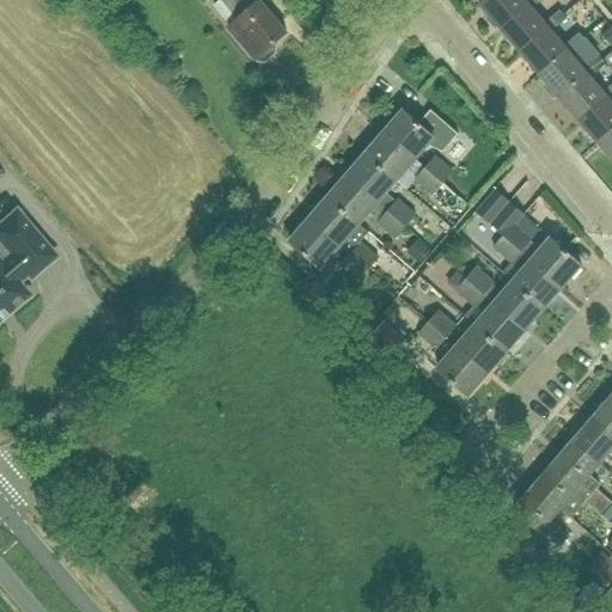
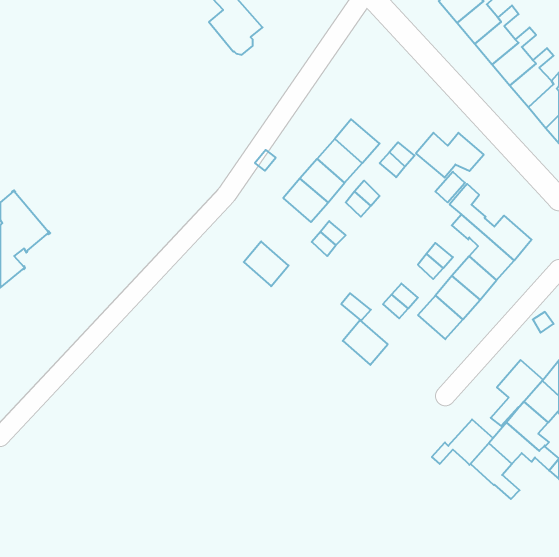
building: [384,108,458,157] -> [416,133,484,178]
building: [290,216,339,265] -> [244,241,289,286]
building: [437,344,486,393] -> [343,320,388,365]
building: none -> [491,360,543,426]
building: none -> [432,419,493,465]

